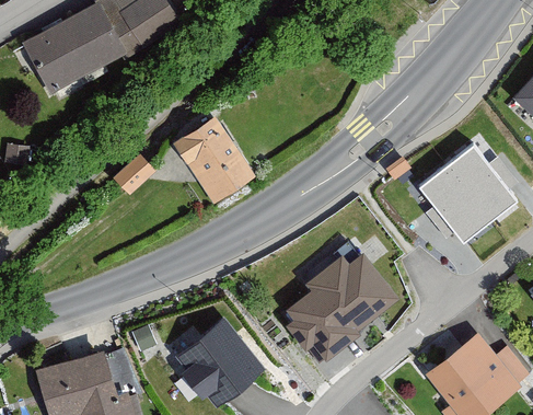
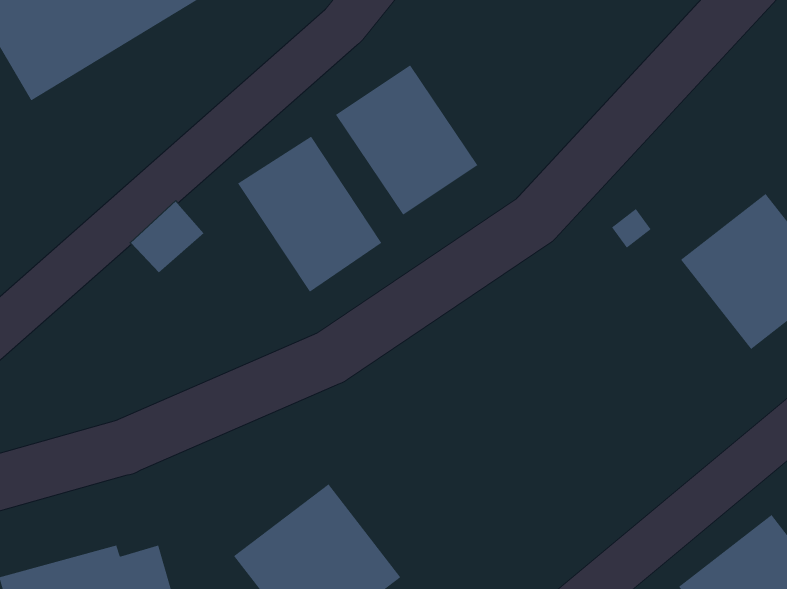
building: none -> [335,64,478,216]
building: [285,253,402,362] -> none

